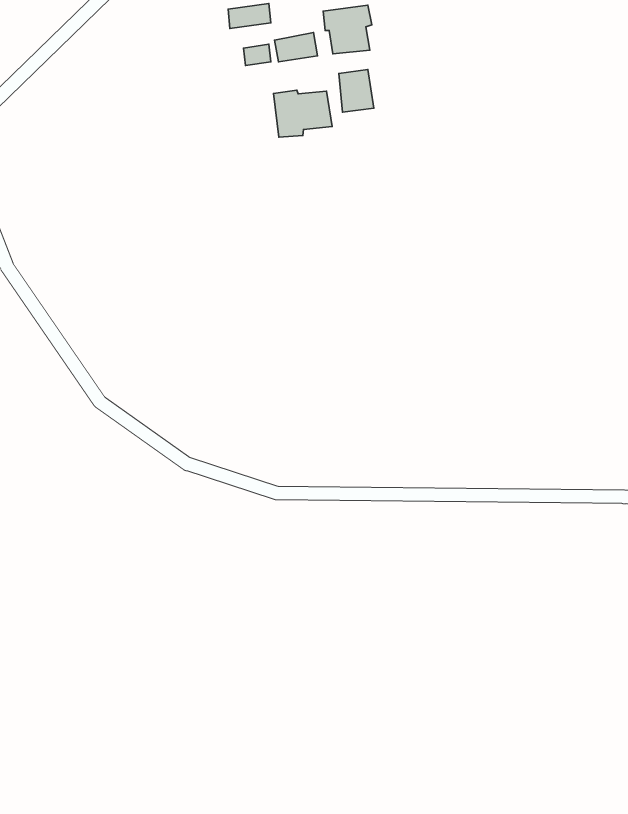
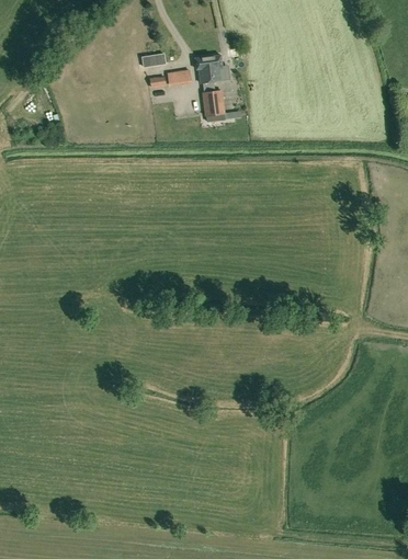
building: [274,90,332,137] -> none

